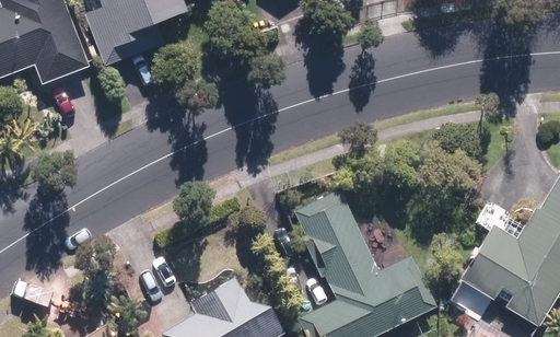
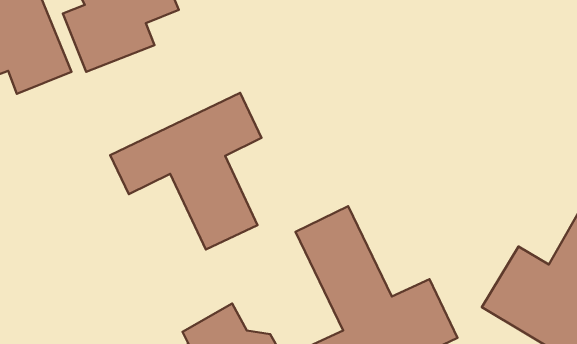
building: none -> [110,93,261,250]

